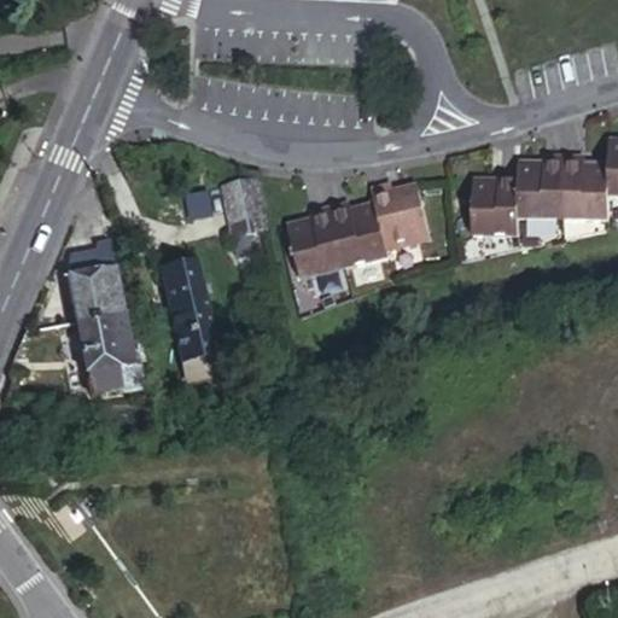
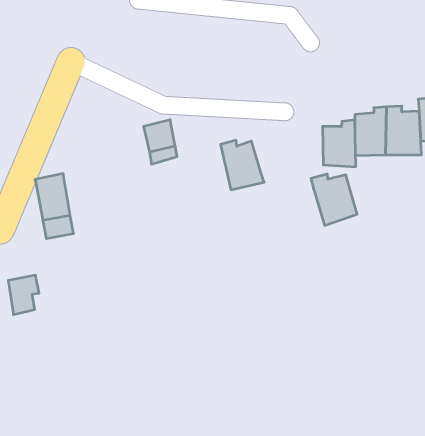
building: [368,180,433,252] -> [311,174,357,225]
building: [286,205,343,279] -> none
building: [164,251,211,371] -> none
building: [82,331,126,386] -> [8,275,39,315]

